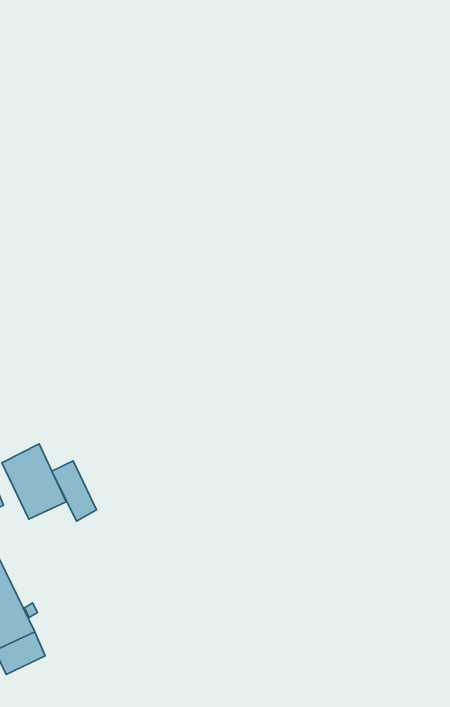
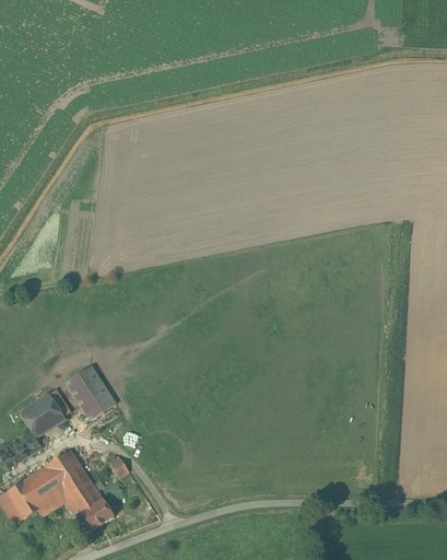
building: [52,461,97,521] -> none

